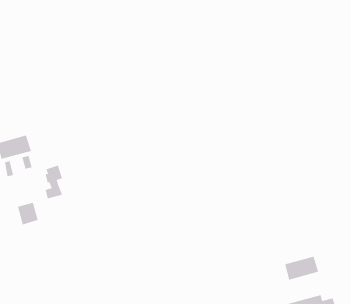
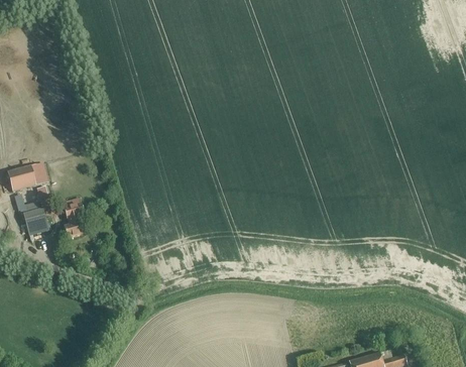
building: [17,202,39,225] -> [23,208,48,235]
building: [285,256,319,281] -> none

